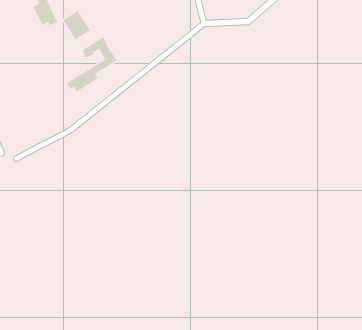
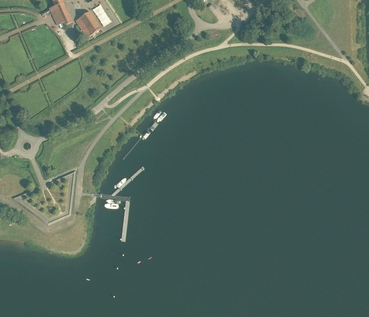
building: [66,37,117,93] -> none

